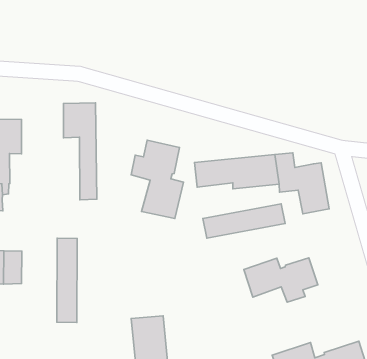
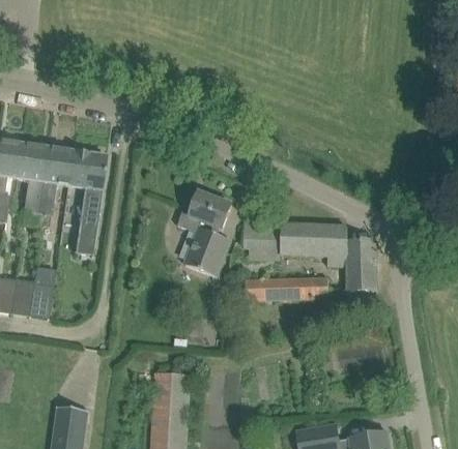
building: [64,103,97,200] -> [67,149,106,252]
building: [57,238,77,323] -> none
building: [244,258,318,302] -> none

